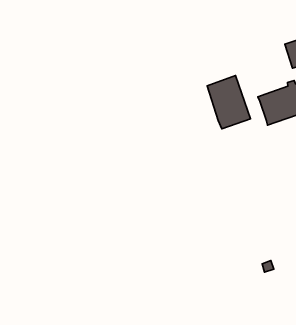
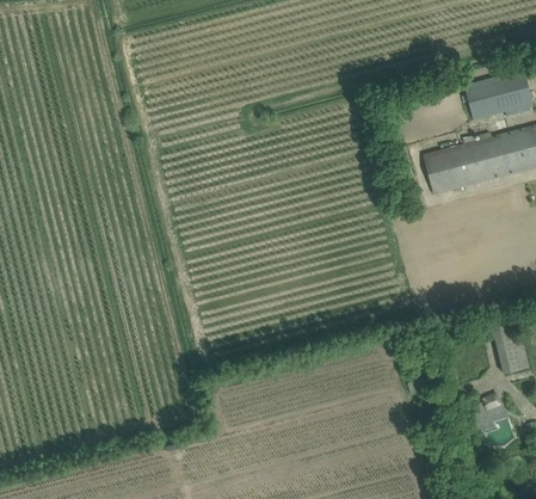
building: [207,76,250,129] -> none

